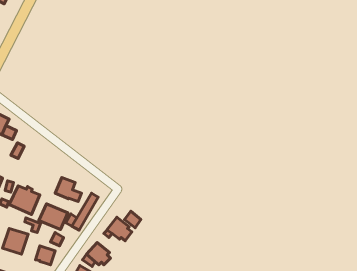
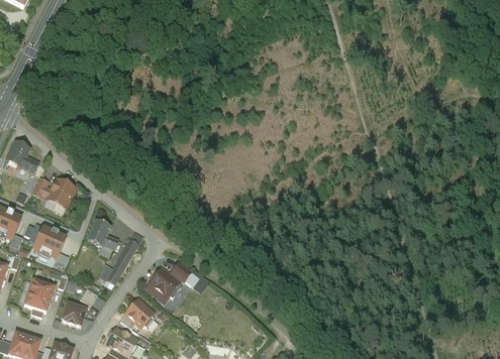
building: none -> [47,178,75,207]
building: [39,204,68,229] -> none

